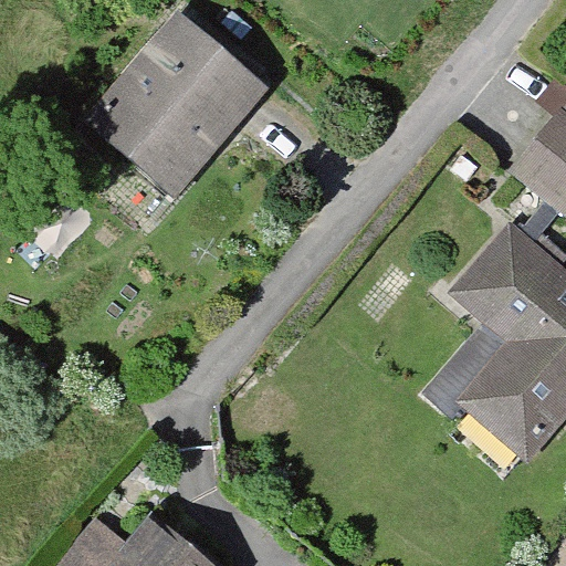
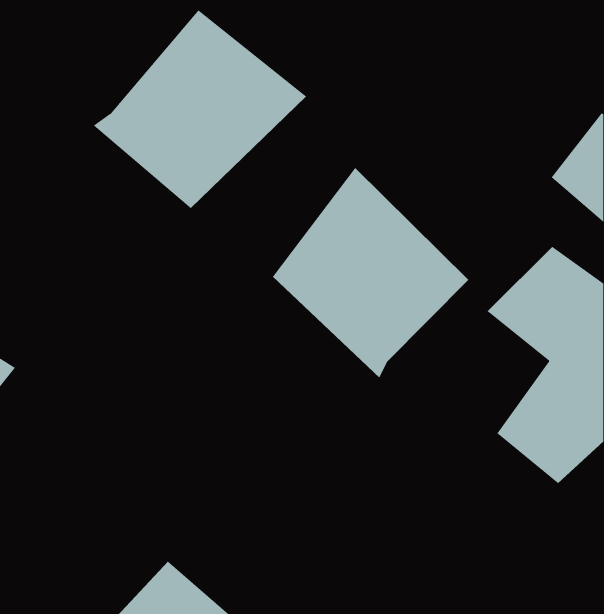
building: none -> [272,167,469,378]

